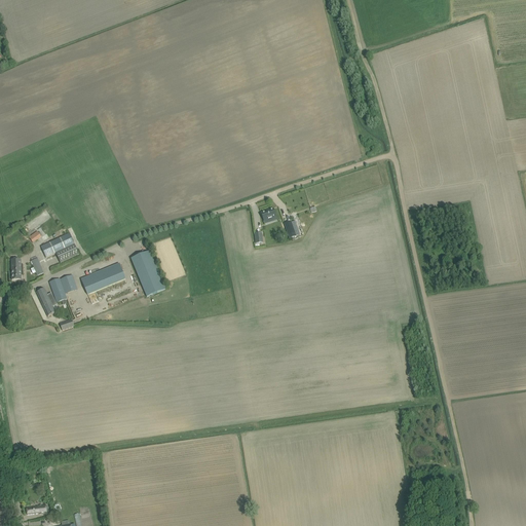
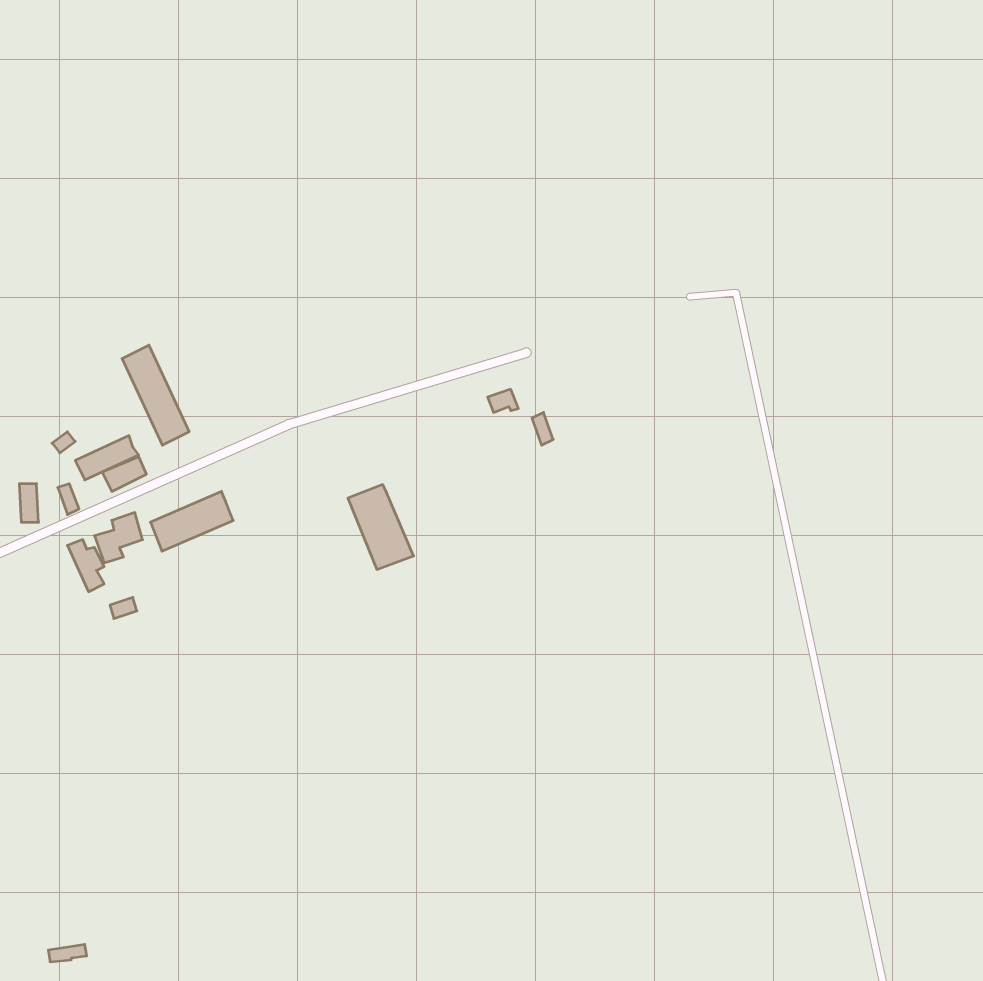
building: none -> [122,345,189,445]
building: [130,250,165,295] -> [348,485,414,569]

